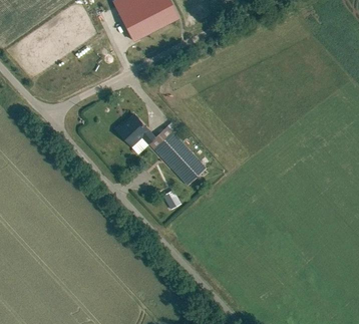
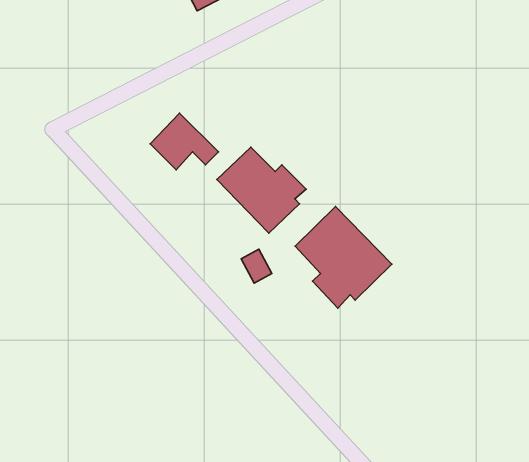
building: none -> [295,206,392,308]

